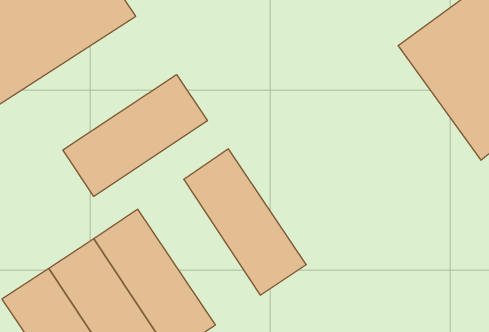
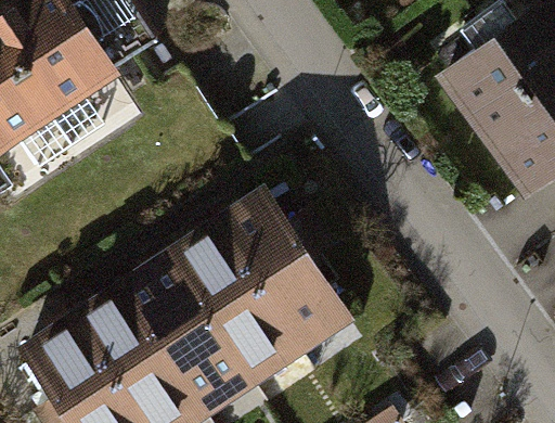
building: [63,75,207,196] -> none
building: none -> [172,230,302,384]

